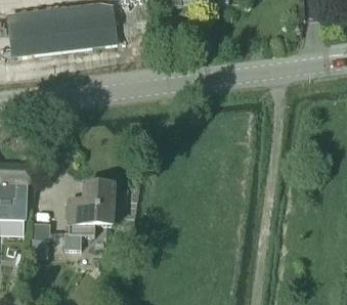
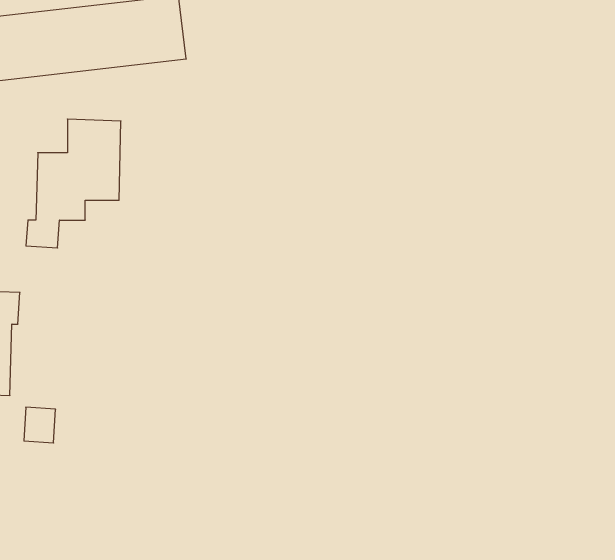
building: [63,182,113,249] -> [26,119,121,248]

